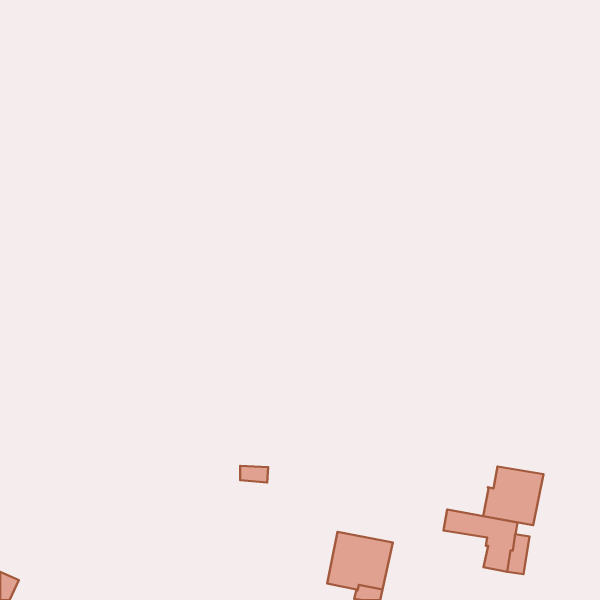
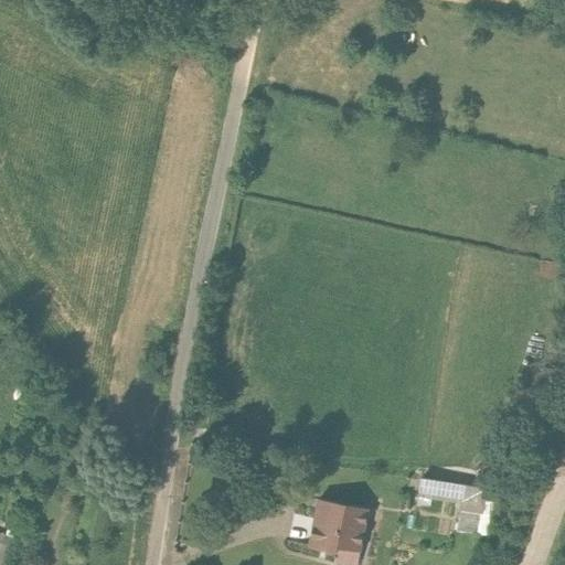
building: [483,467,543,525] -> none

